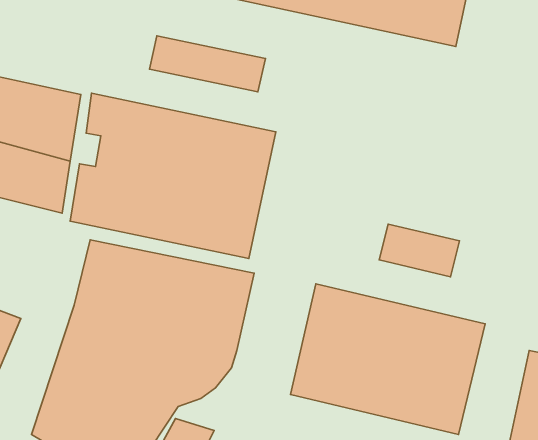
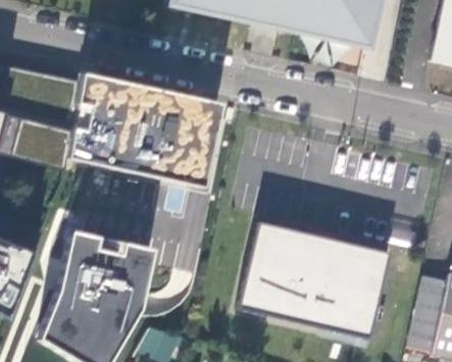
building: [149,36,265,92] -> none
building: [379,224,459,277] -> none

